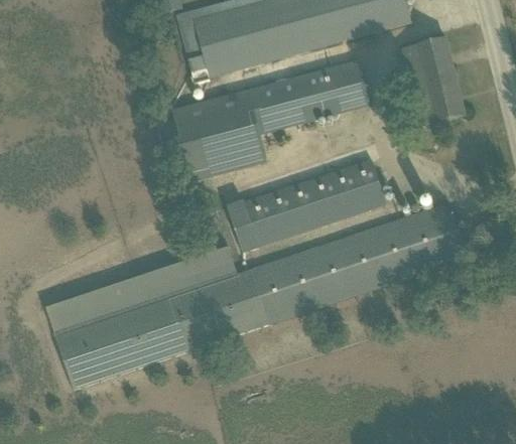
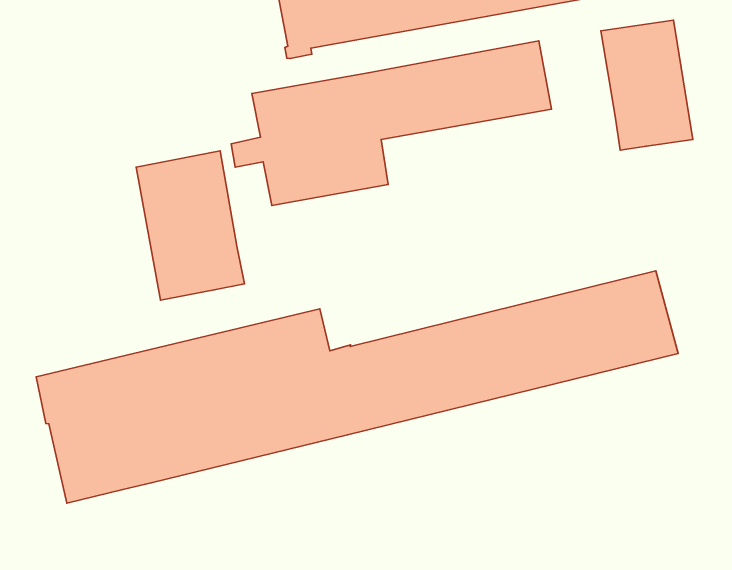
building: none -> [136,151,245,300]
building: [227,160,393,252] -> none

